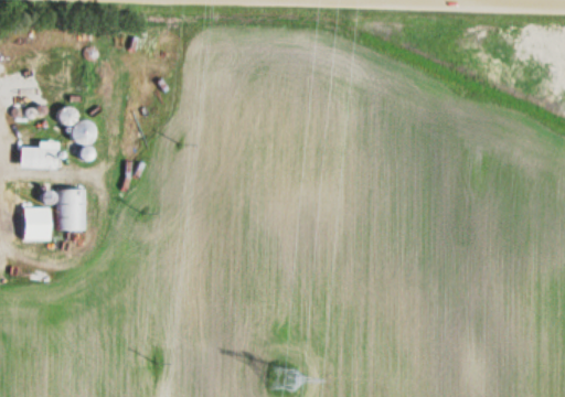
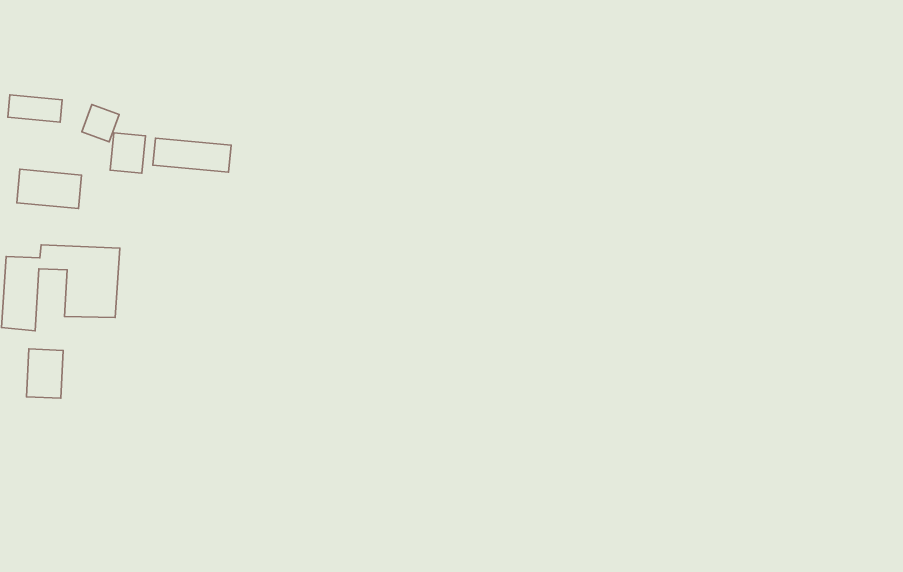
building: none -> [153,138,231,172]
building: none -> [27,349,63,398]

